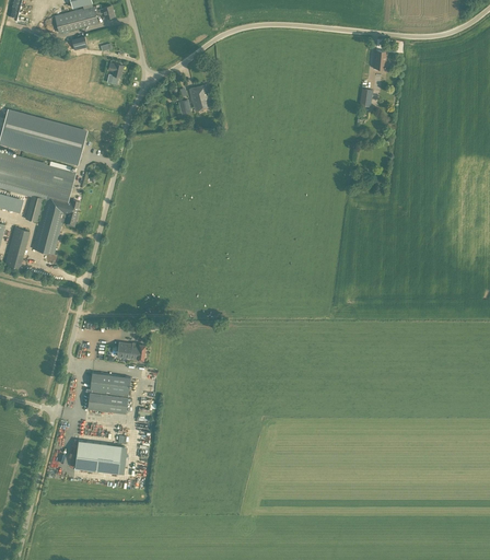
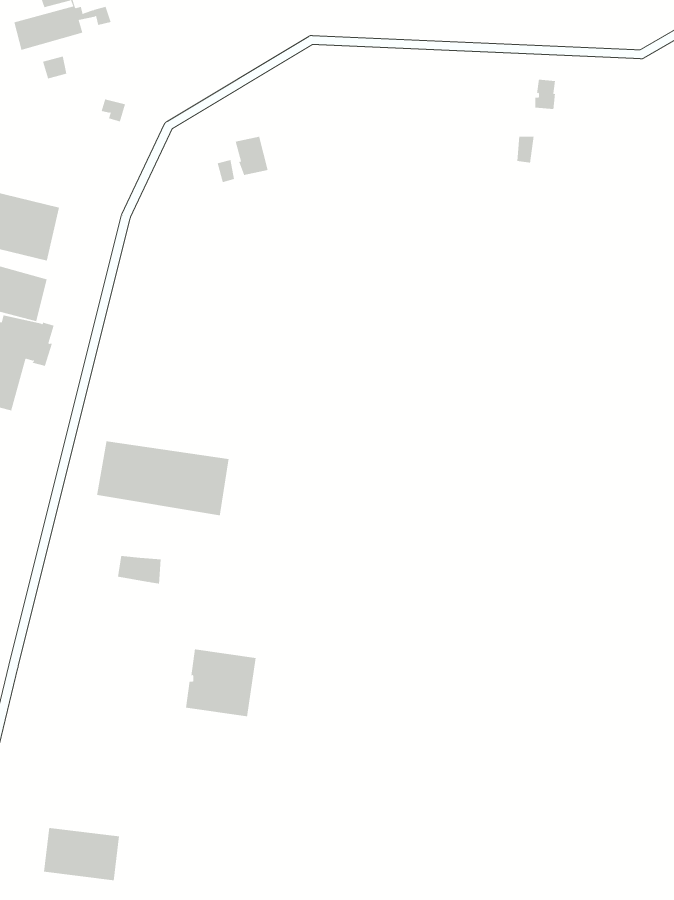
building: none -> [97,441,229,516]
building: [86,373,130,415] -> [185,649,257,717]
building: [74,441,121,474] -> [43,827,120,881]

